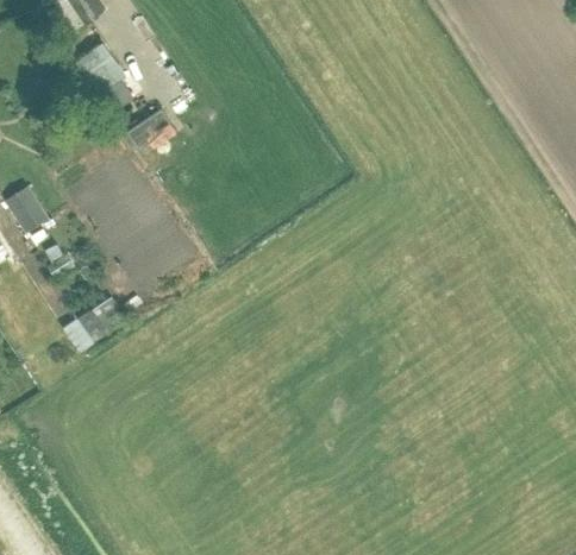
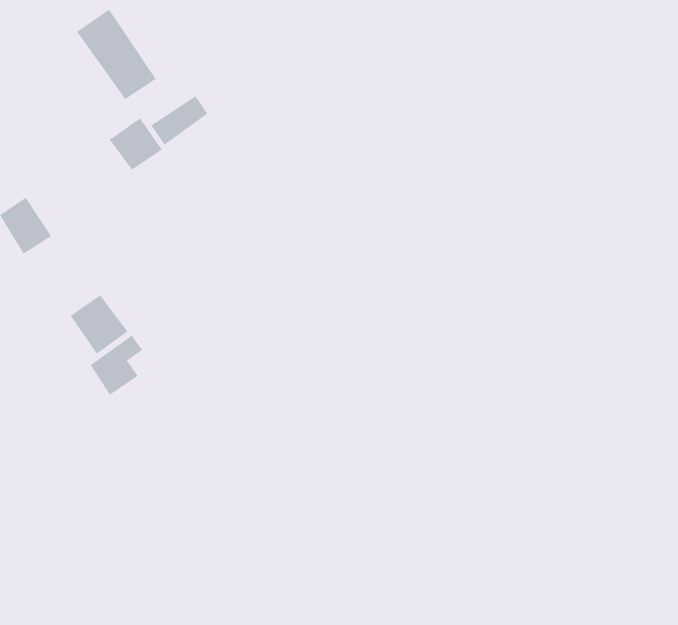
building: none -> [109,117,162,171]
building: none -> [70,295,128,354]

